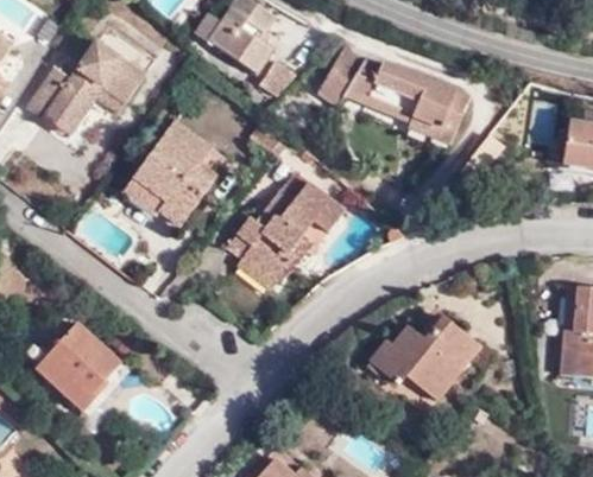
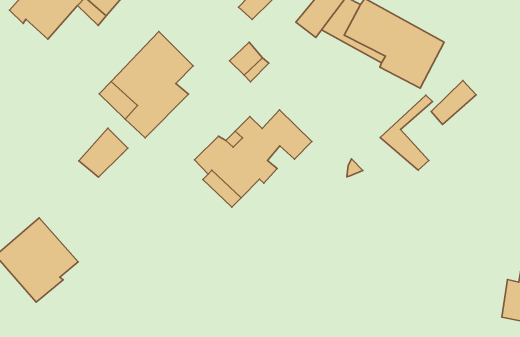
building: none -> [380,95,433,170]
building: none -> [79,128,128,177]
building: [372,316,481,399] -> none

